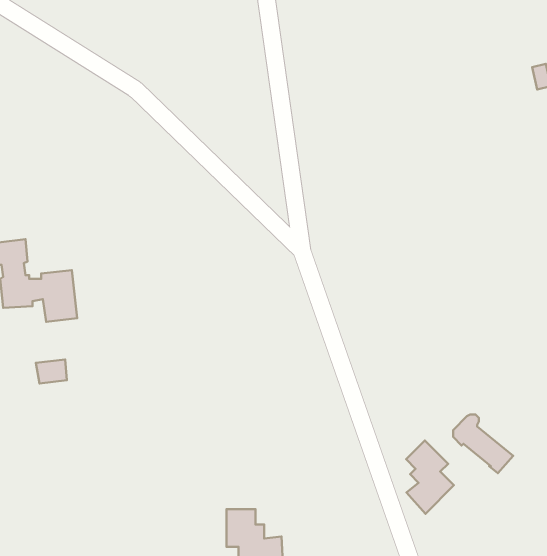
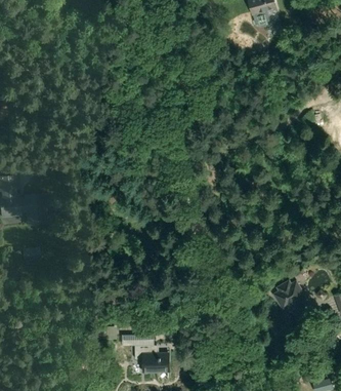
building: [406,441,454,514] -> none

